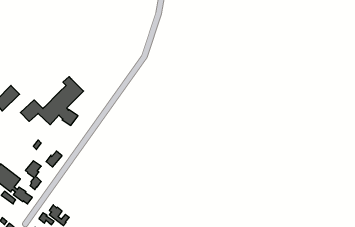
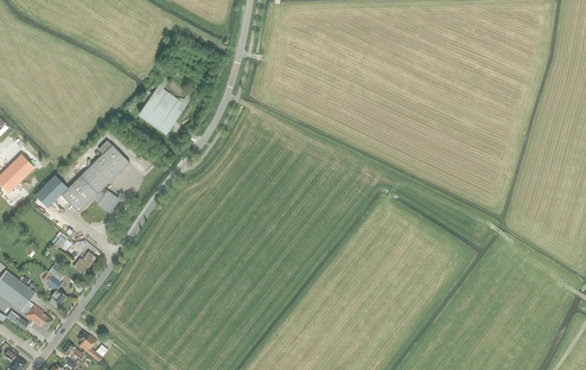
building: none -> [139,77,192,133]

